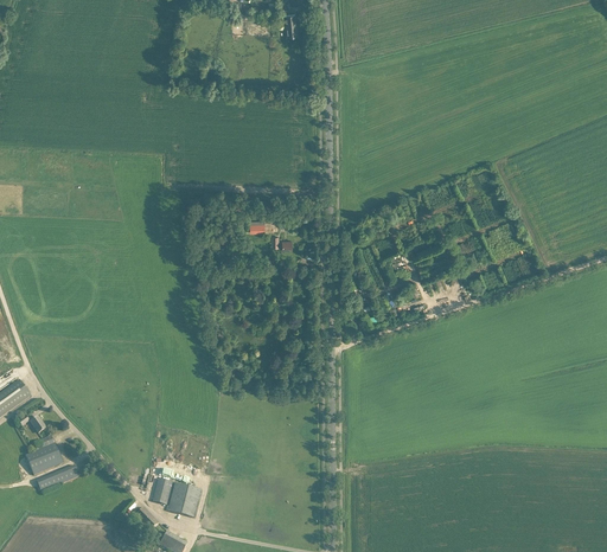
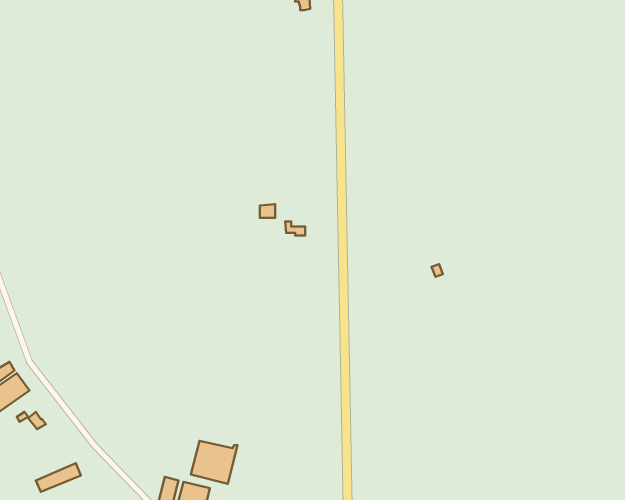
building: [23,436,62,475] -> none
building: none -> [191,441,237,484]

